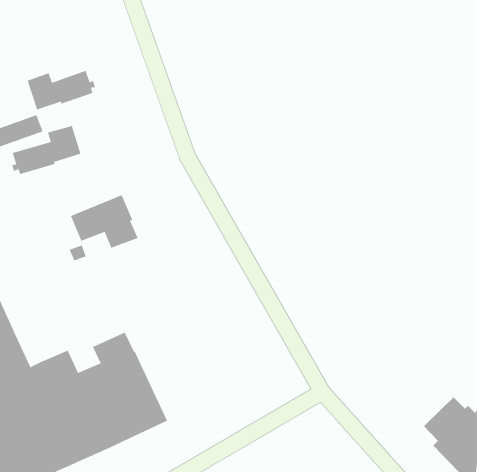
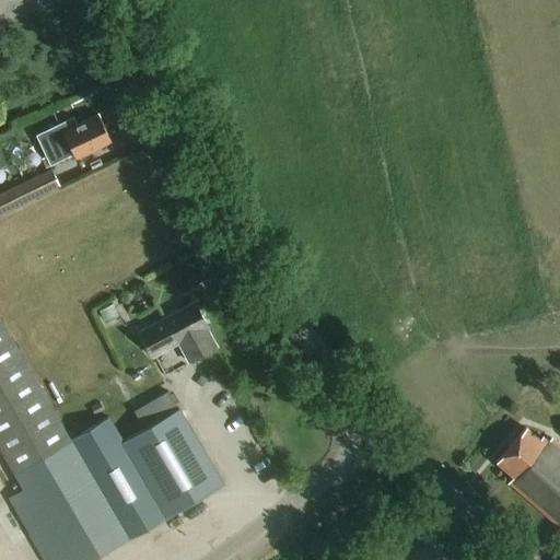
building: [12,125,81,175] -> none
building: [70,194,138,249] -> [142,304,218,363]

